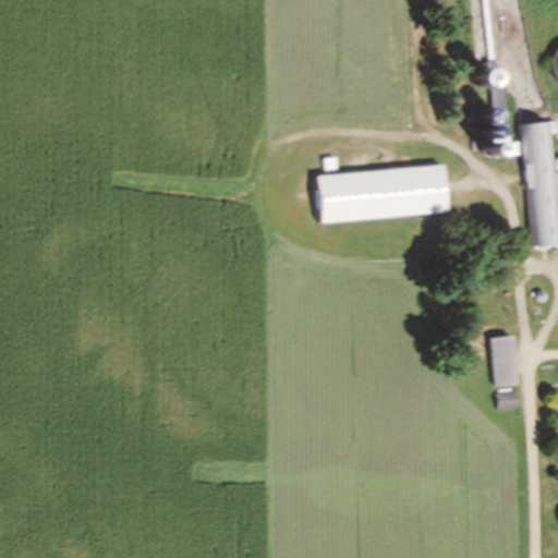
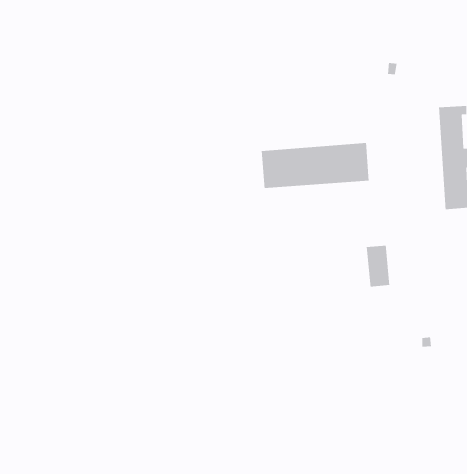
building: [489,335,518,385] -> [366,245,390,287]

